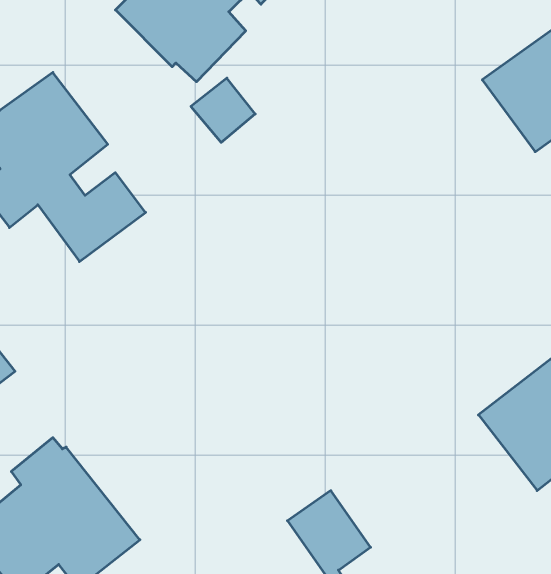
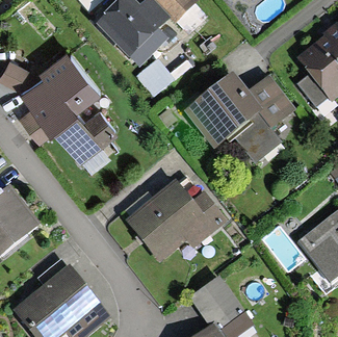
building: none -> [187,83,288,161]
building: none -> [127,182,217,258]

